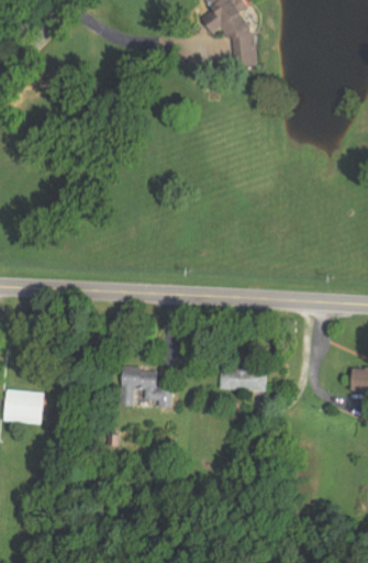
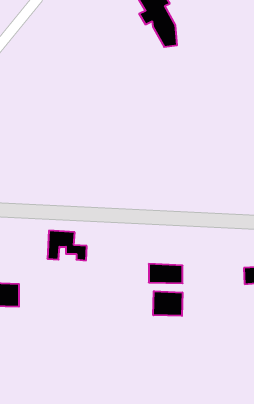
building: [120,367,174,408] -> [47,231,87,260]
building: none -> [153,291,182,316]

